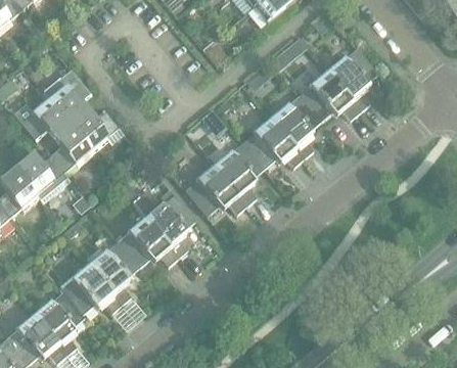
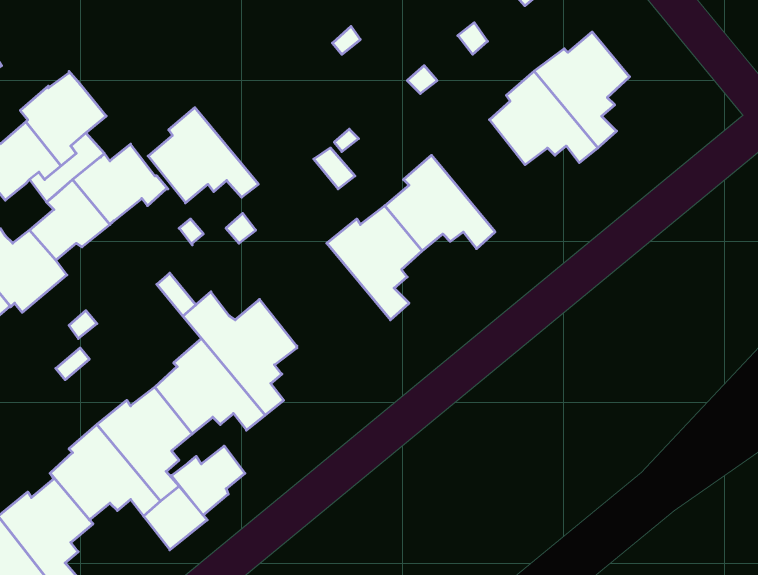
building: [268,95,319,156] -> none
building: [185,163,245,215] -> [148,108,258,203]
building: none -> [171,446,245,515]

